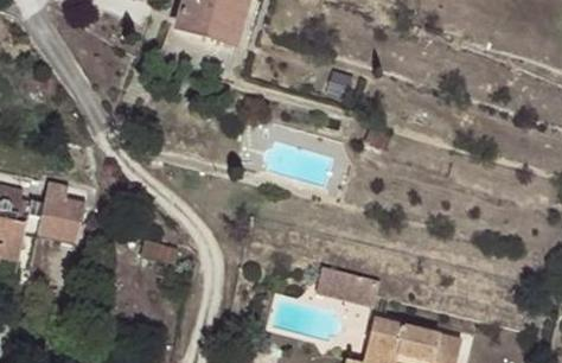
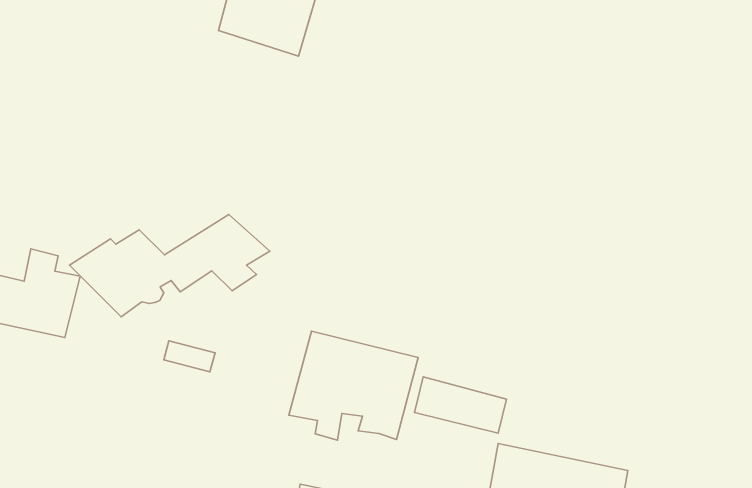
building: none -> [69,214,270,317]
building: none -> [289,331,418,440]

